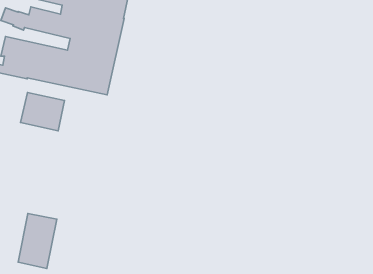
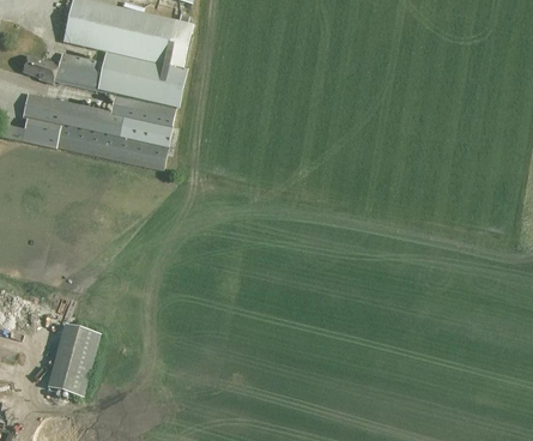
building: [20,92,65,131] -> none

